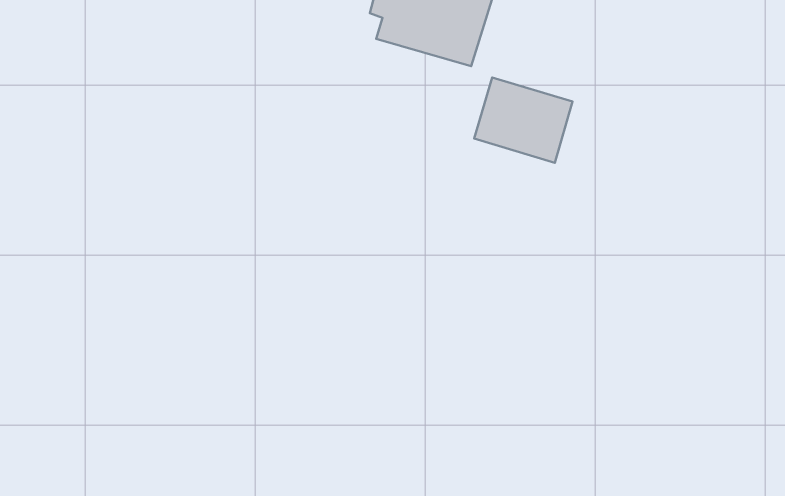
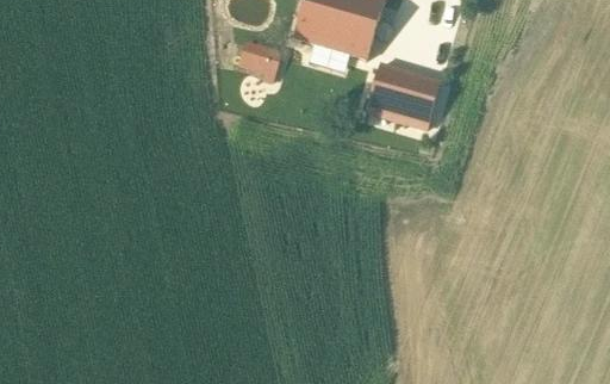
building: none -> [241,43,281,80]

